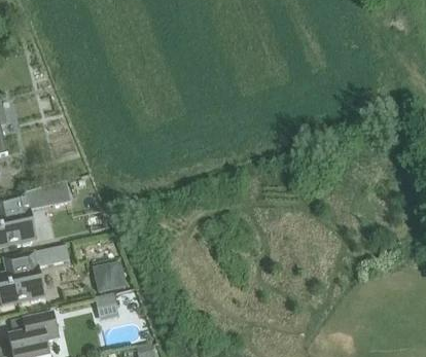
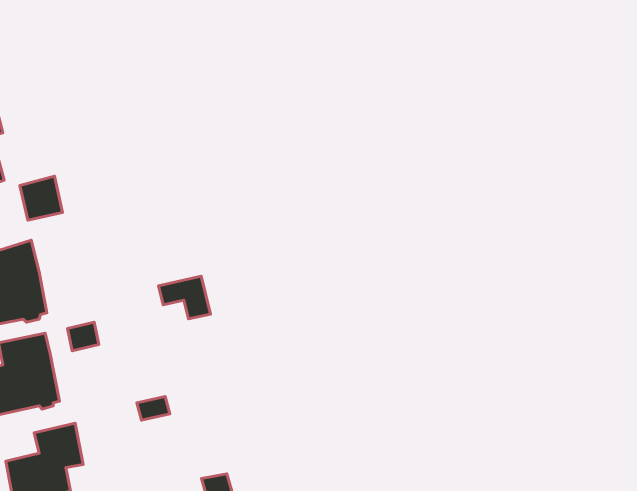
building: [42,179,70,208] -> [20,176,62,220]
building: [92,260,126,288] -> [158,276,210,319]

